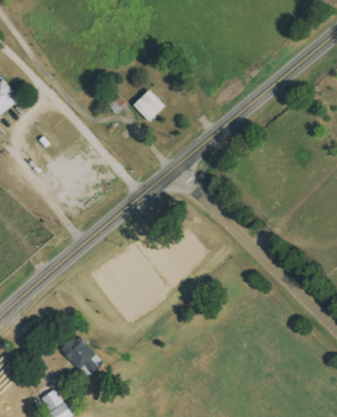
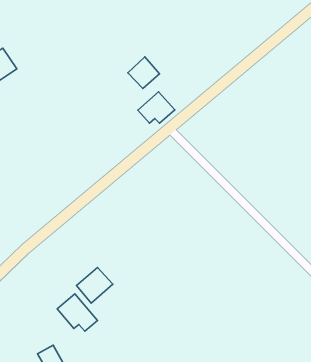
building: none -> [138,92,175,123]
building: none -> [76,267,113,303]

